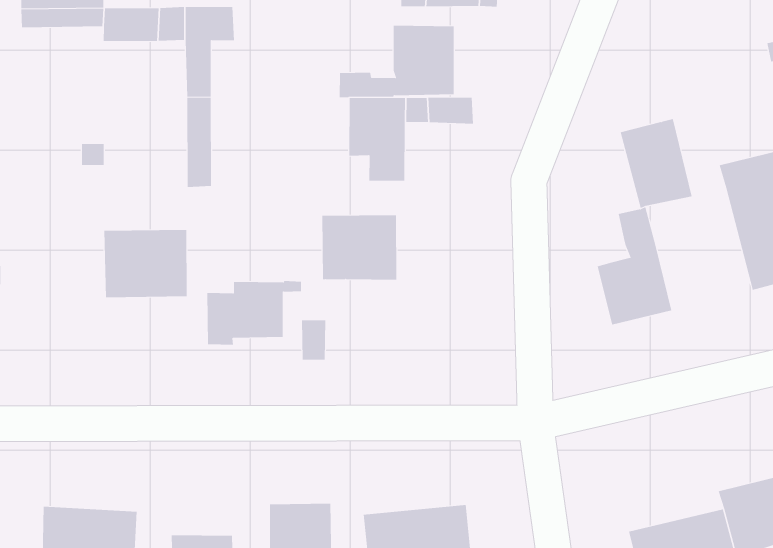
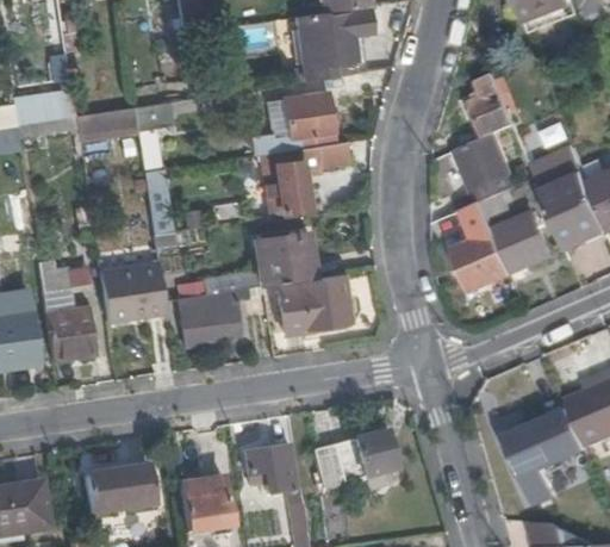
building: none -> [471,76,515,138]
building: none -> [38,259,97,359]
building: none -> [494,211,552,272]
building: none -> [276,274,348,331]

